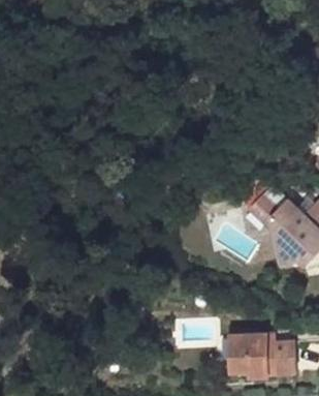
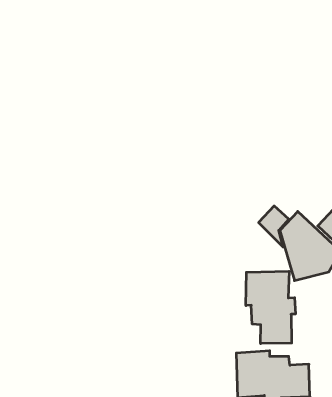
building: none -> [246,271,295,344]

